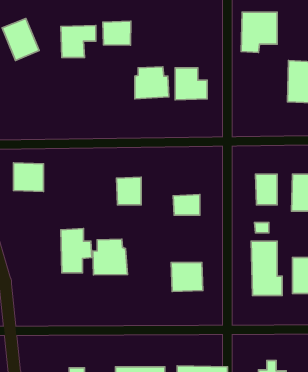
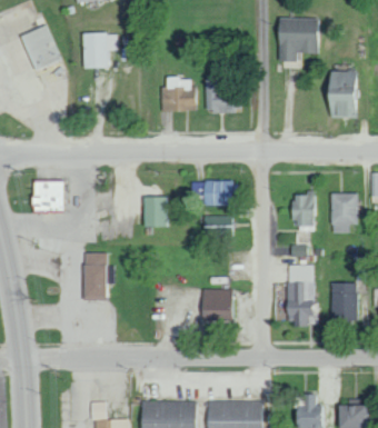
building: [103,21,131,45] -> none
building: none -> [203,181,233,206]
building: [93,239,127,275] -> none

